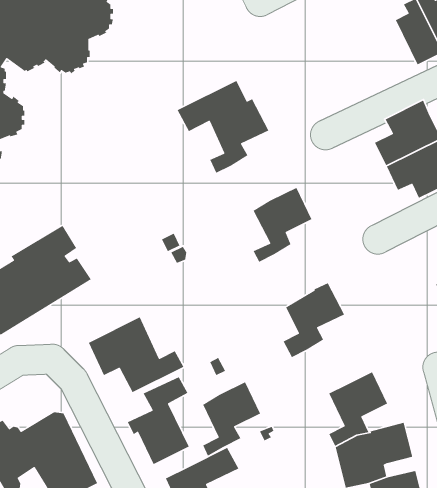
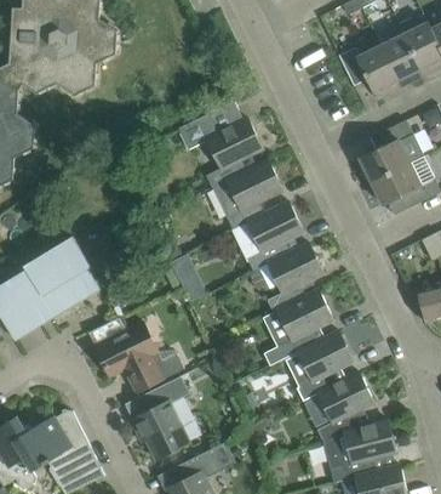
building: none -> [336,42,400,98]
building: none -> [213,159,282,229]
building: none -> [268,242,323,313]
building: [202,381,261,457] -> [298,330,353,401]

